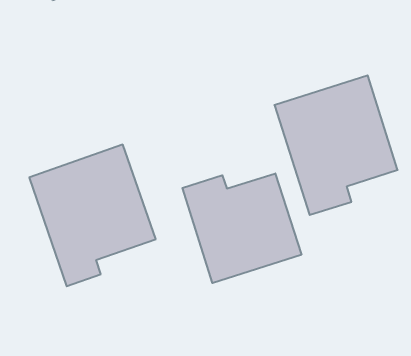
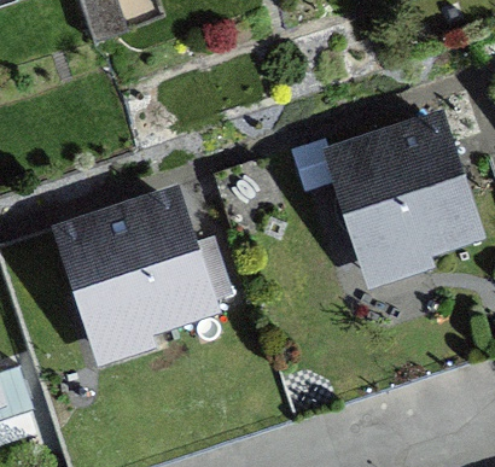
building: [182,173,301,283] -> none

